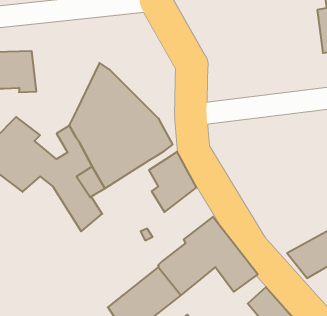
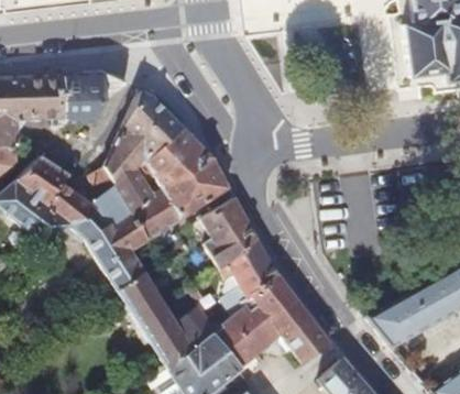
building: none -> [61,73,128,123]
building: none -> [220,239,278,302]
building: none -> [120,271,217,369]

